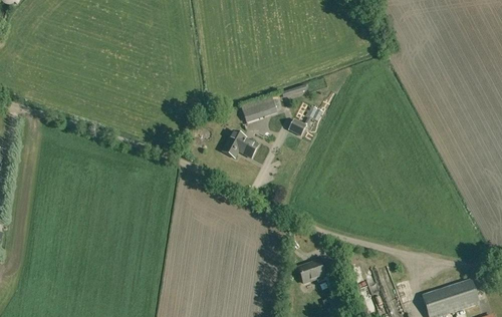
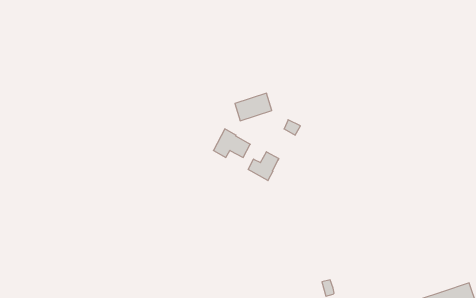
building: none -> [248,152,279,181]
building: [298,259,325,281] -> none

